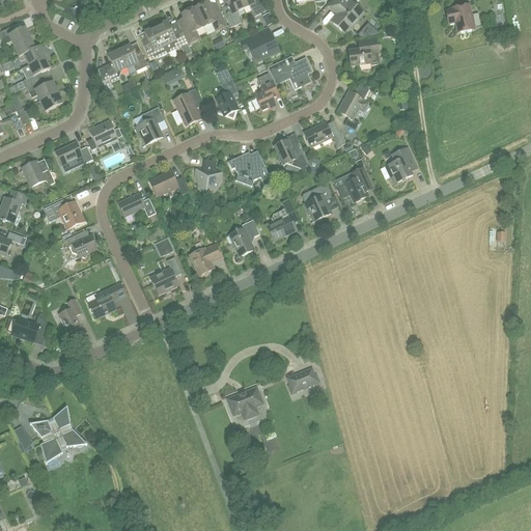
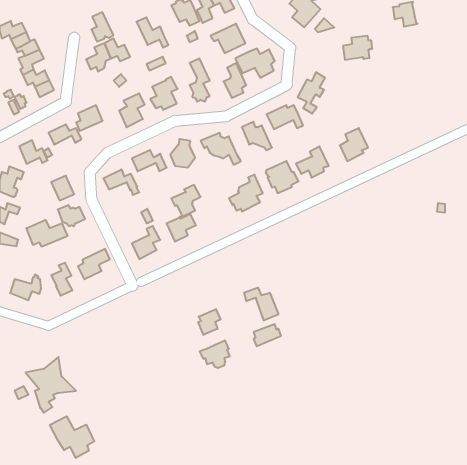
building: [176,6,203,41] -> none
building: [142,25,167,58] -> [91,12,113,42]
building: [347,37,381,64] -> [343,36,372,60]
building: [226,219,259,256] -> [171,185,201,218]
building: none -> [26,220,67,247]
building: none -> [244,288,278,320]
building: none -> [198,309,221,335]
building: none -> [50,416,94,458]

